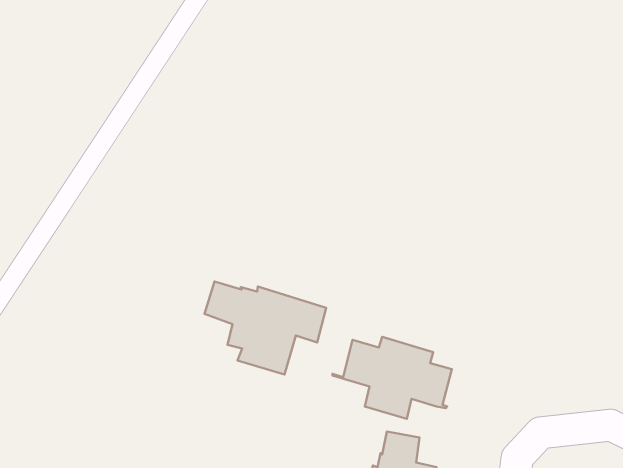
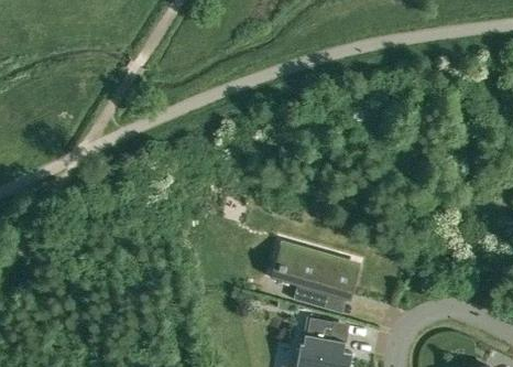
building: [205,281,326,374] -> none

